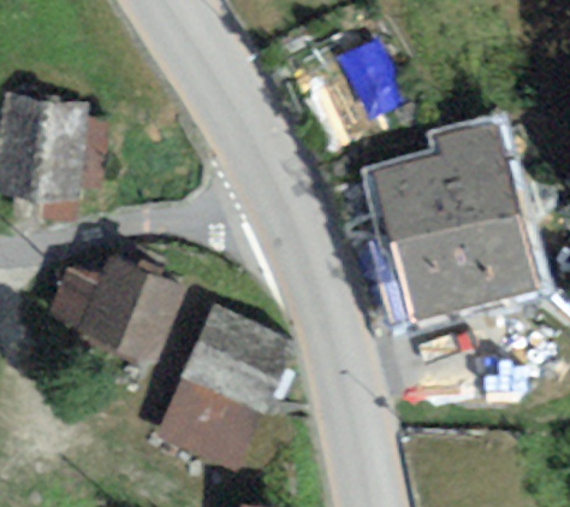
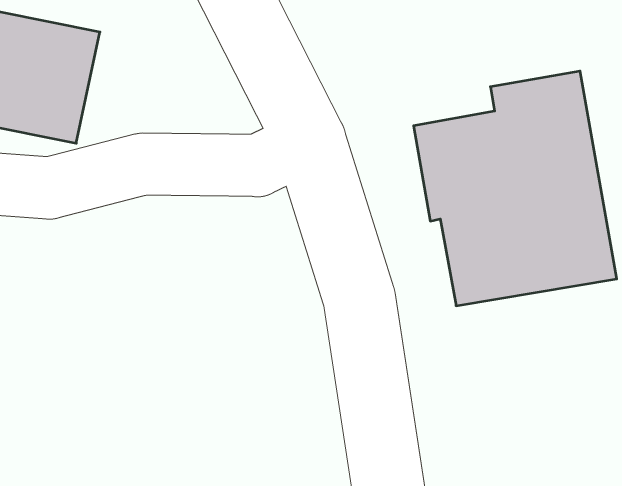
building: [44,258,184,369] -> none
building: [155,308,298,470] -> none

